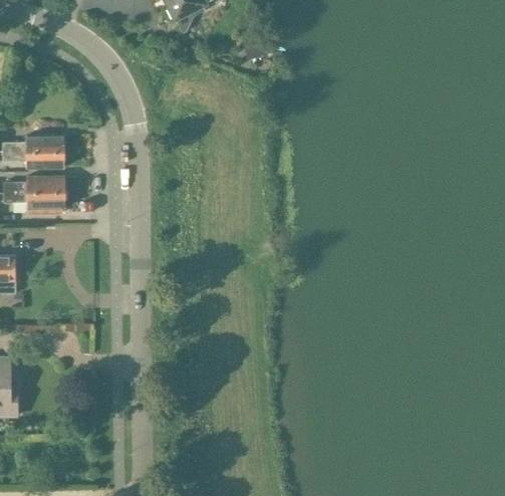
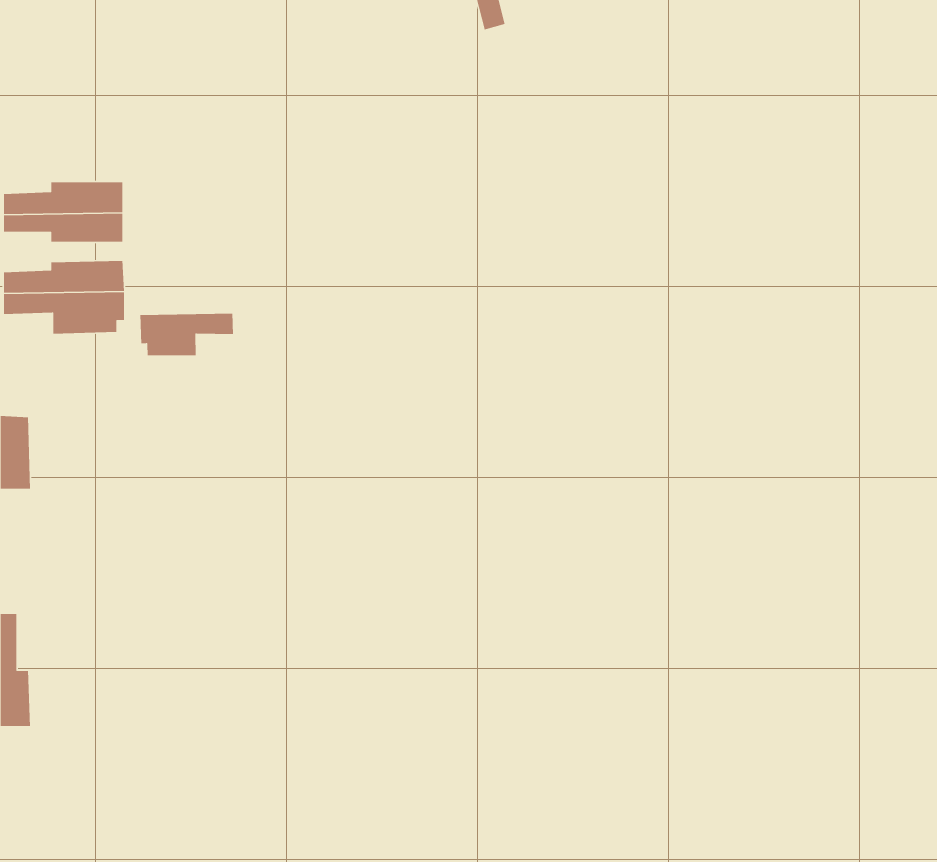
building: none -> [140,313,234,356]

